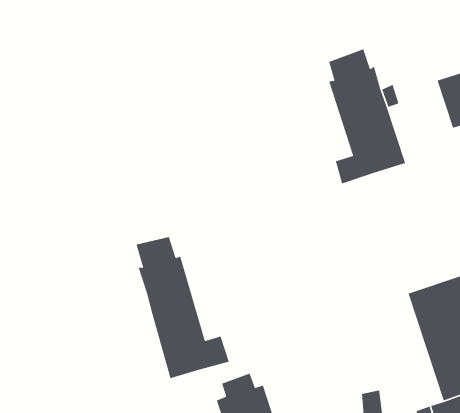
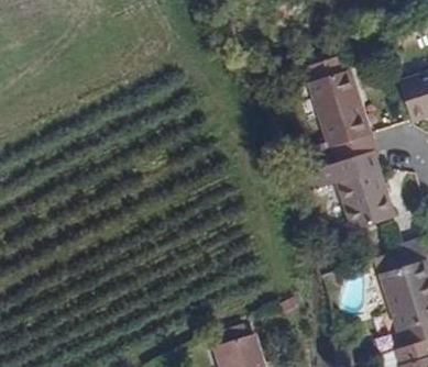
building: none -> [334,151,394,231]
building: [136,236,230,379] -> none

